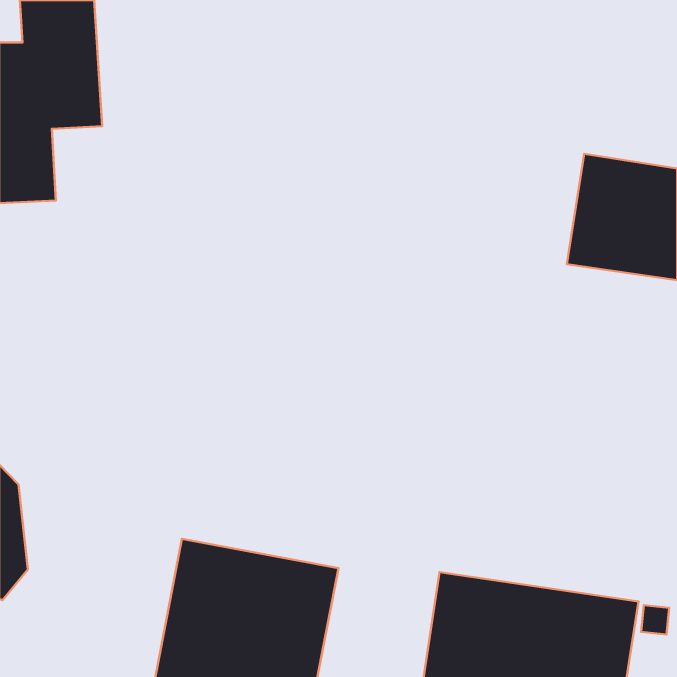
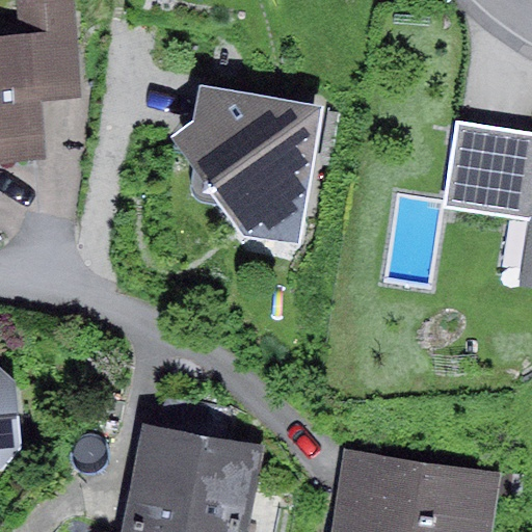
building: none -> [172,85,323,243]

